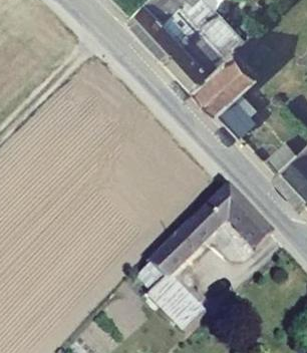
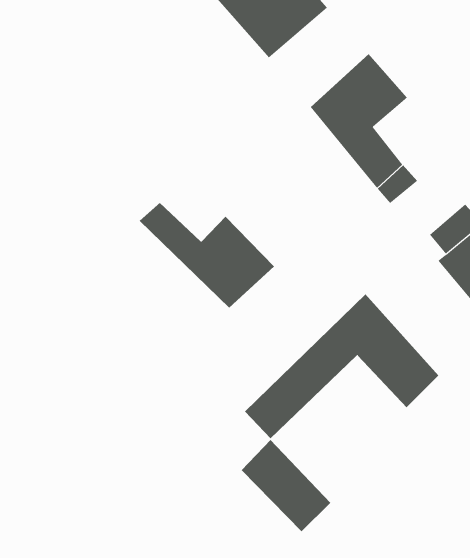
building: [171,12,232,73] -> none
building: none -> [139,202,275,309]

